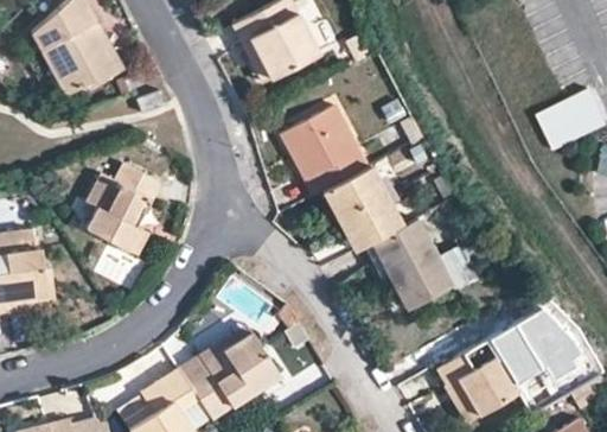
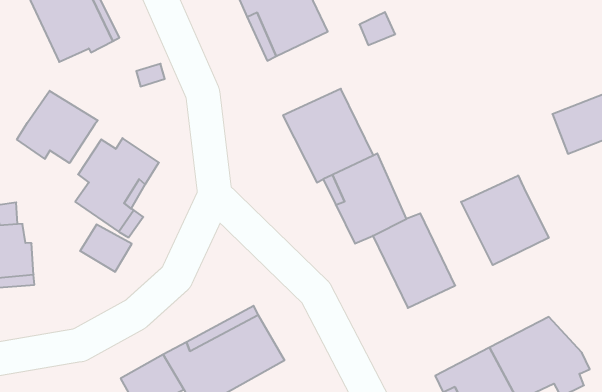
building: none -> [17,91,98,163]
building: none -> [461,175,549,265]

